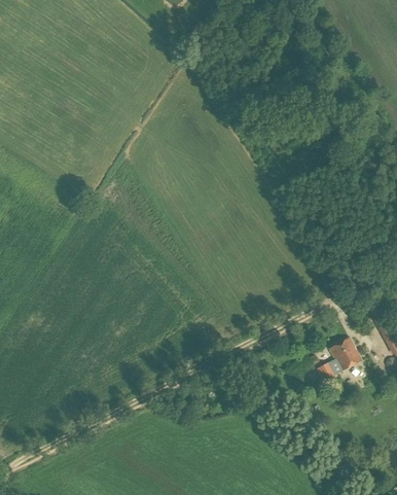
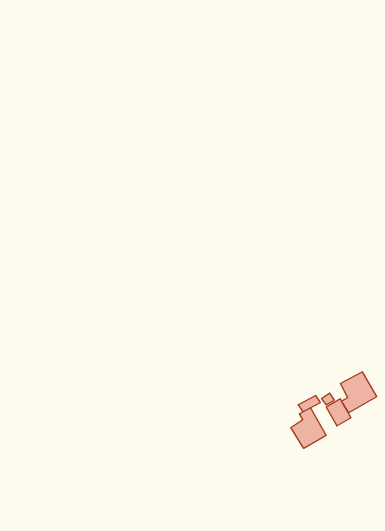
building: none -> [291,408,326,448]

